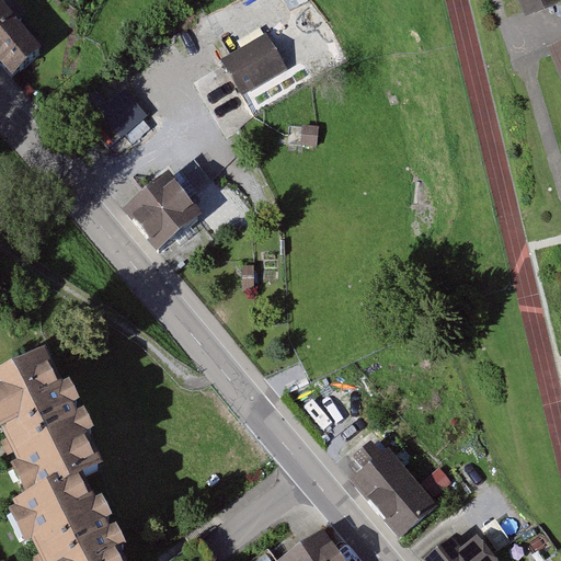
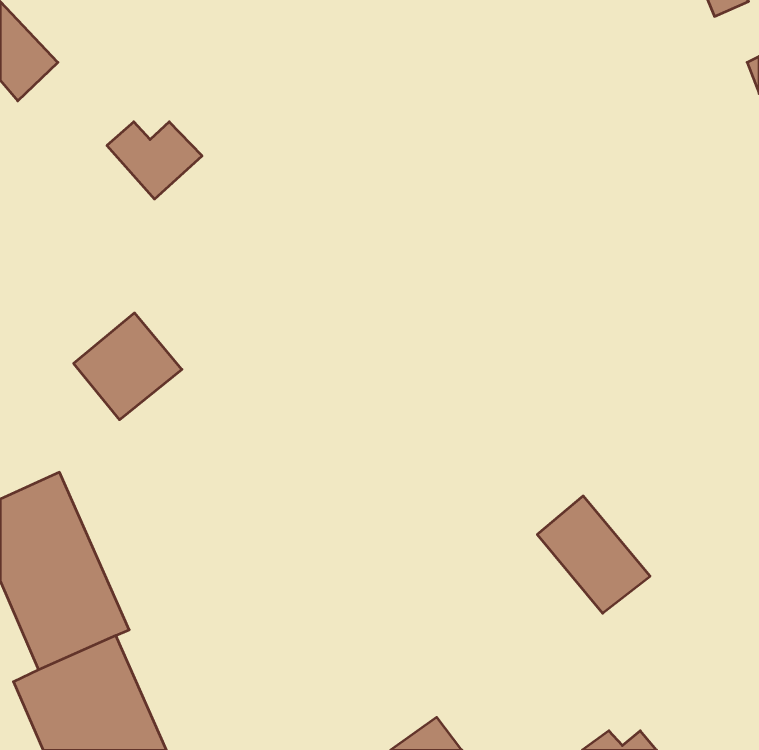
building: [222,33,287,96] -> none
building: [126,168,206,247] -> [74,313,182,420]
building: [353,449,436,536] -> [537,496,650,613]

